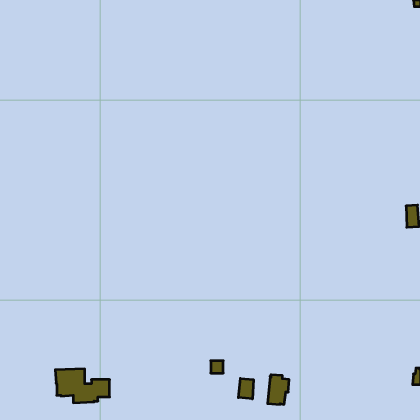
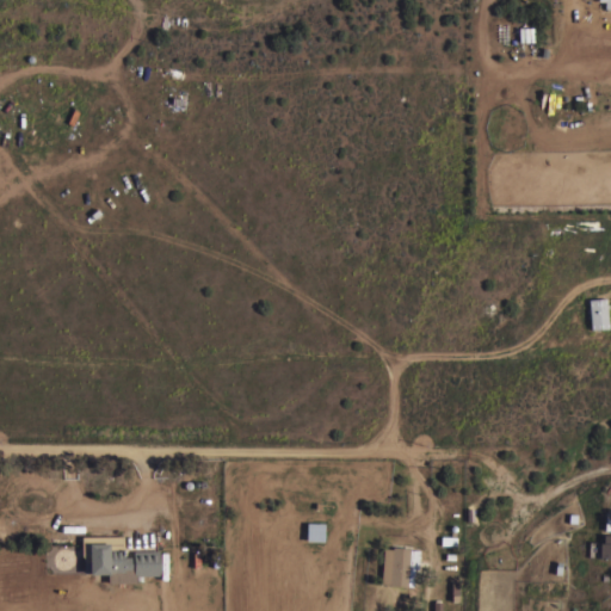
building: [238,378,253,399] -> none

